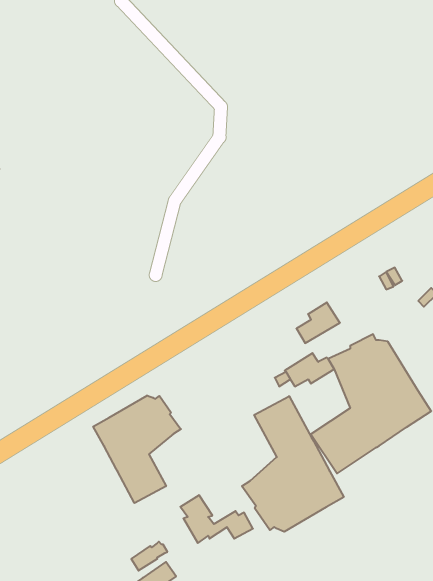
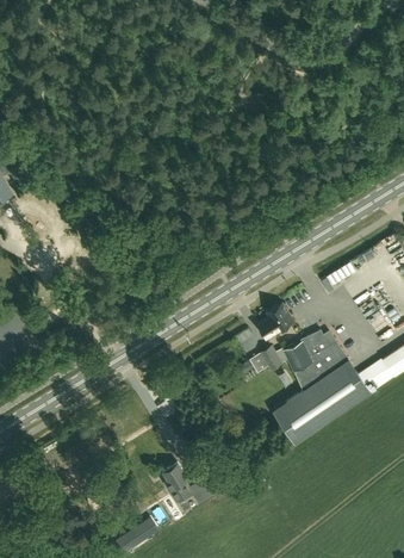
building: [93,395,181,503] -> none
building: [242,396,344,532] -> none

